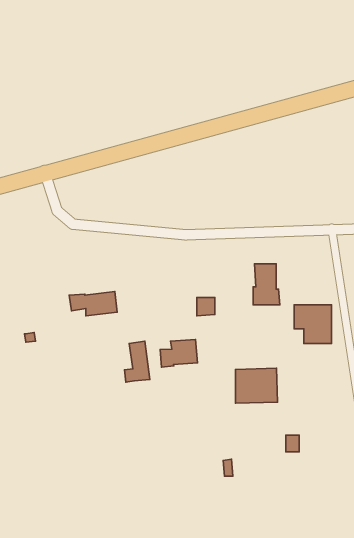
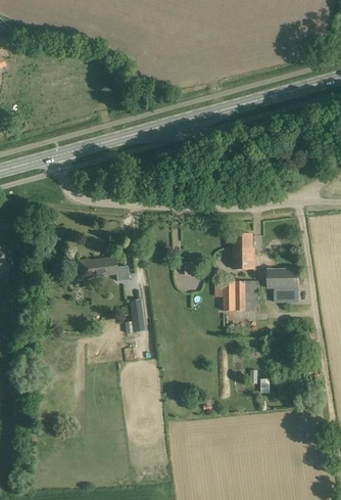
building: [160,339,198,367] -> none
building: [235,368,278,403] -> [223,280,258,310]

